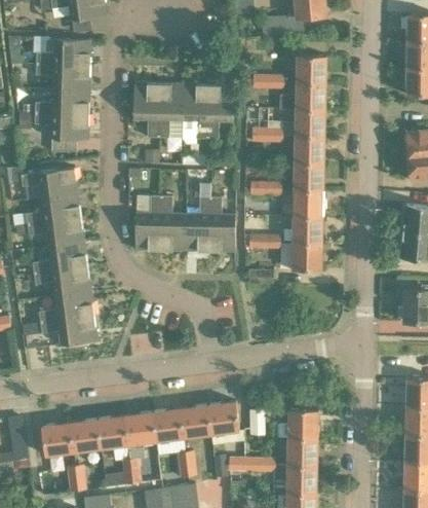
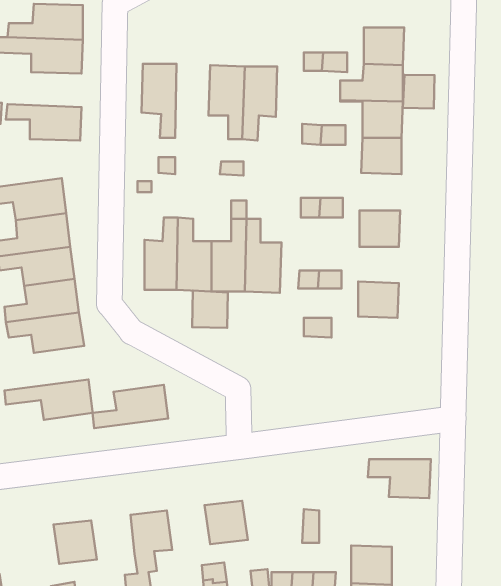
building: [158,83,184,138] -> none
building: [35,89,89,115] -> none
building: none -> [403,75,434,109]
building: [294,164,324,191] -> none
building: [293,218,322,245] -> none
building: none -> [192,291,228,328]
building: [39,291,94,323] -> [93,385,168,428]
building: [207,401,239,434] -> none
building: [152,408,184,441] -> none
building: [272,410,318,439] -> [368,459,431,498]
building: [96,415,128,448] -> none
building: [41,423,73,456] -> none

